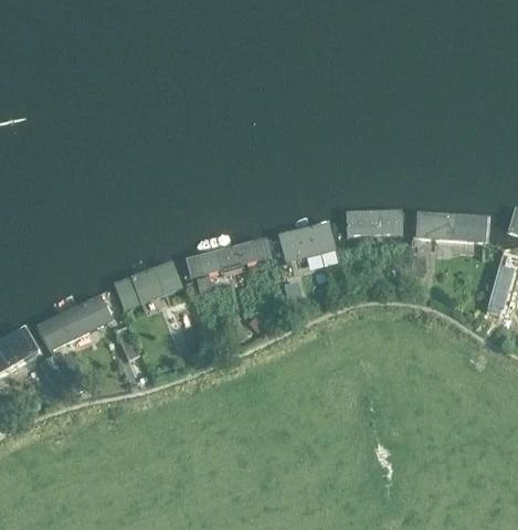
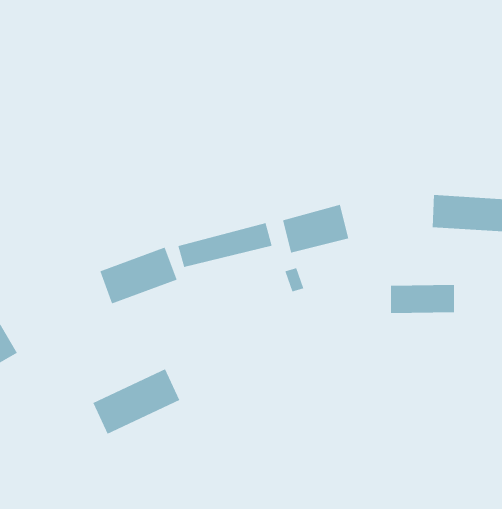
building: [347,209,405,235] -> [390,284,455,314]
building: [35,292,115,351] -> [93,369,180,434]

